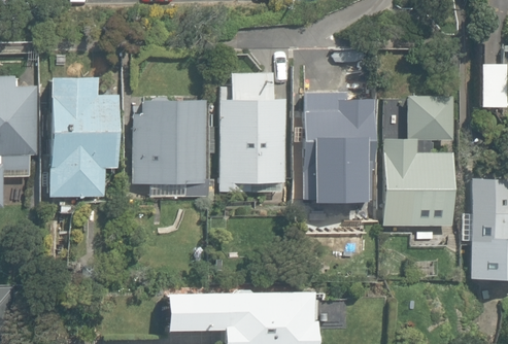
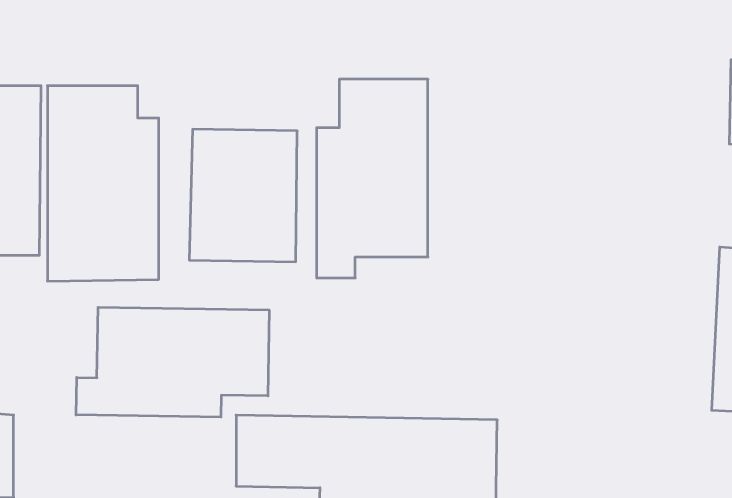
building: [301,89,373,206] -> none
building: [379,98,454,230] -> none
building: none -> [76,307,269,417]

